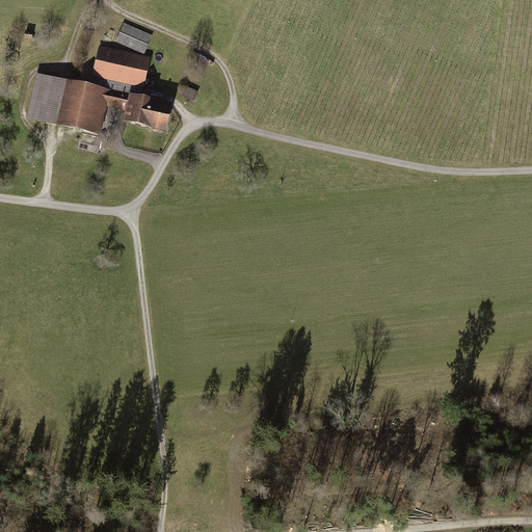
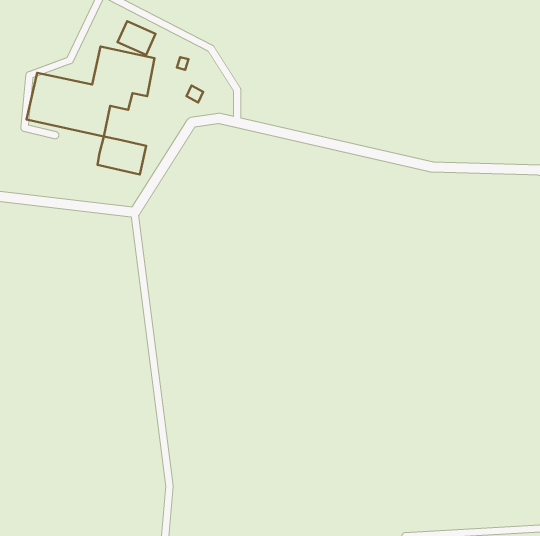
building: [124,91,171,129] -> [97,136,146,174]

